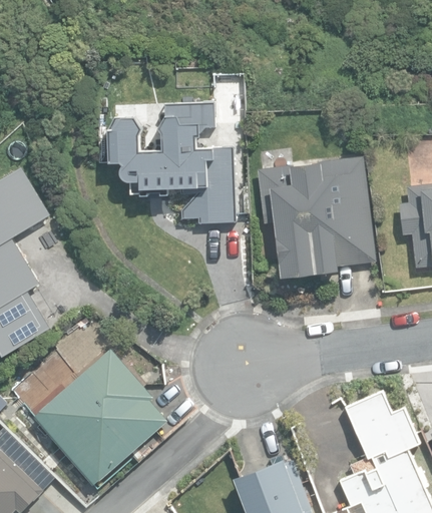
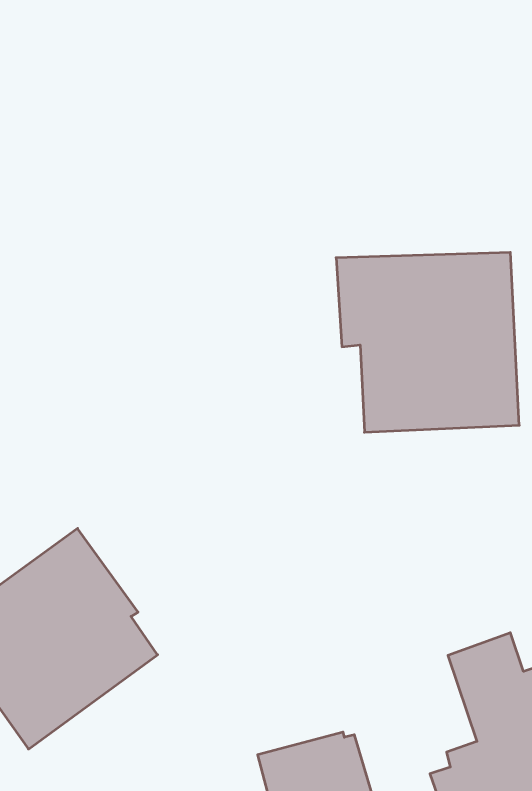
building: [107,101,237,224] -> none

